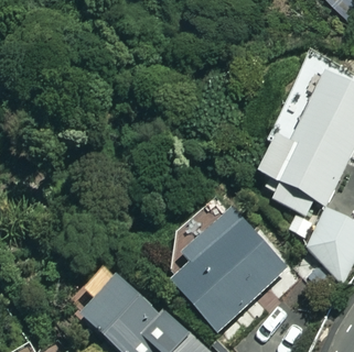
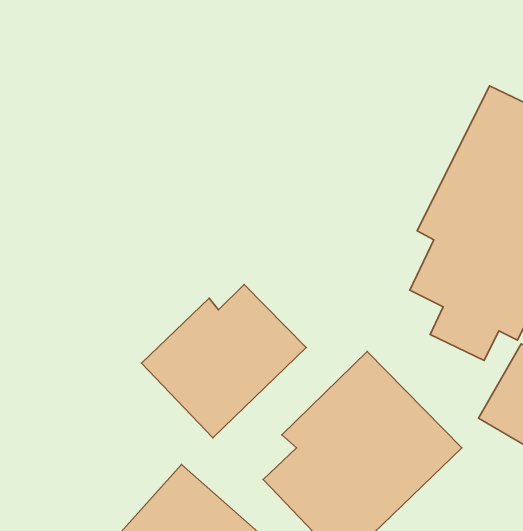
building: none -> [142,285,306,438]

